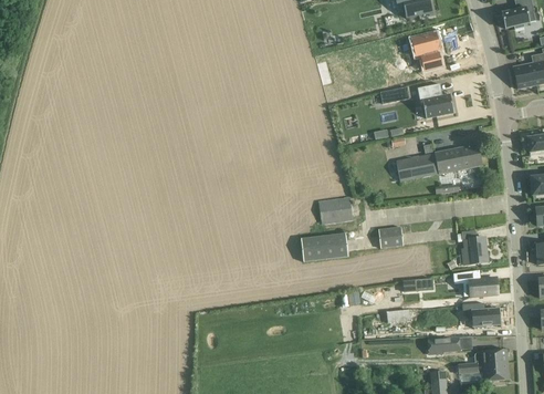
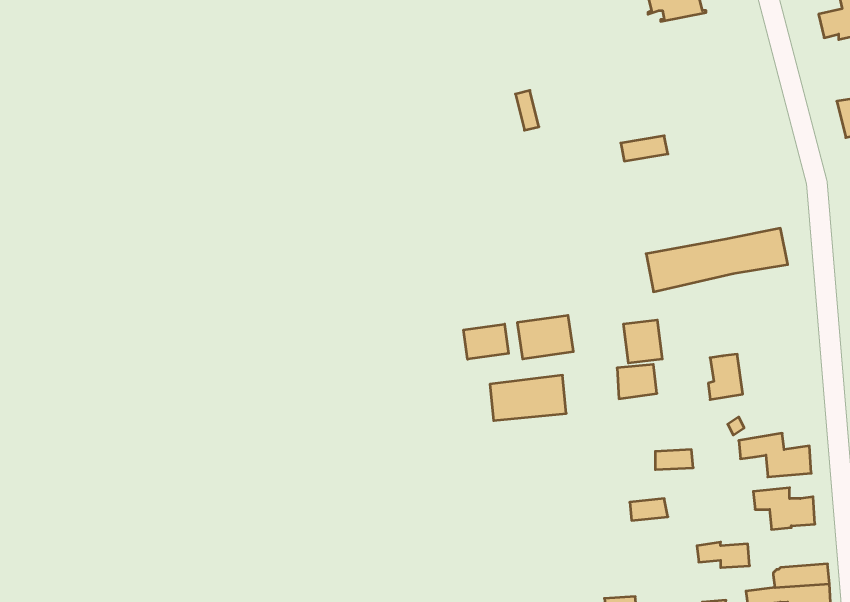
building: [412,31,442,70] -> none
building: [418,83,454,117] -> none
building: none -> [624,320,662,363]
building: none -> [464,324,509,359]
building: [468,237,489,265] -> [708,354,743,400]

